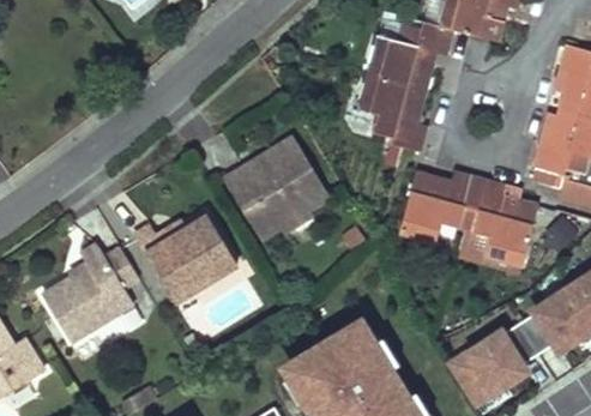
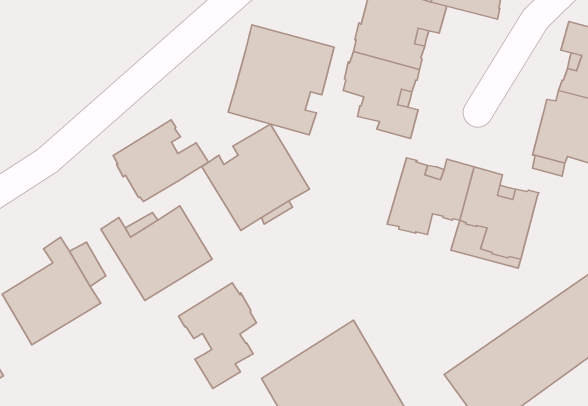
building: none -> [228,25,334,135]
building: none -> [113,120,209,202]
building: none -> [178,283,257,389]

